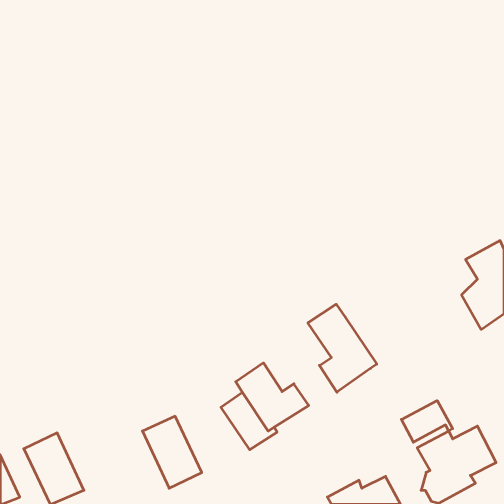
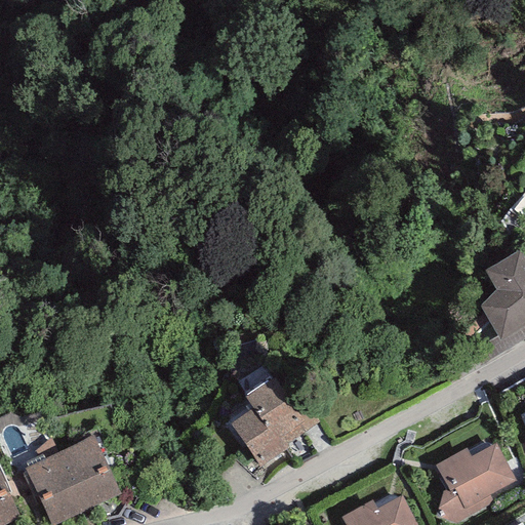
building: [308,304,377,392] -> none
building: [401,401,453,442] -> none
building: [142,416,202,488] -> [59,435,121,510]

